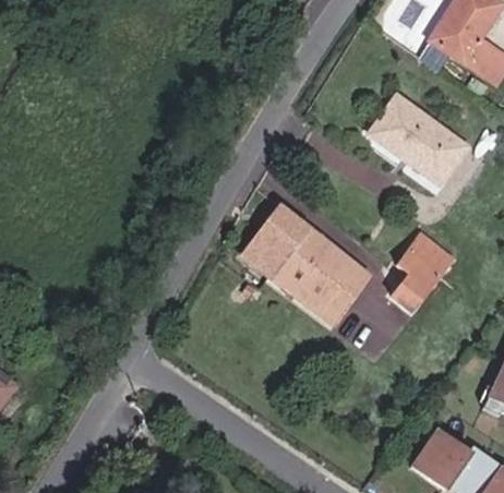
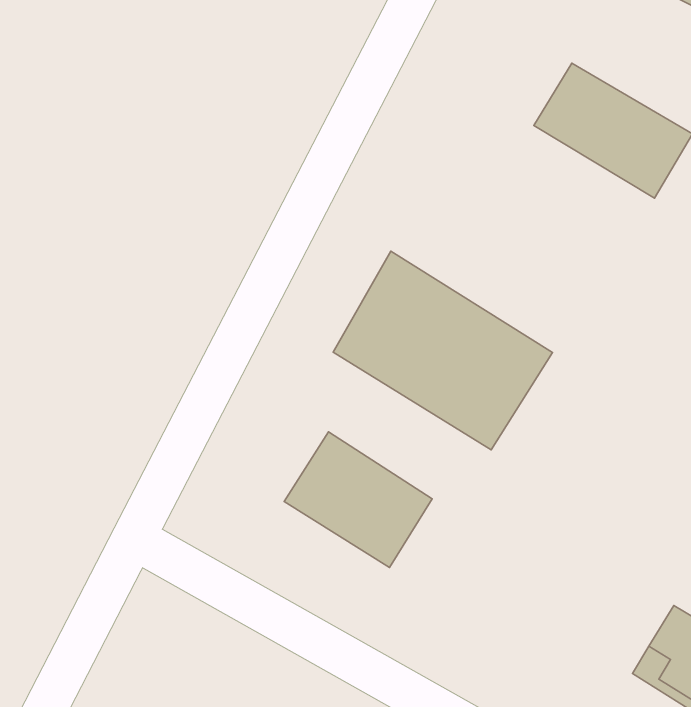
building: [399,245,449,308] -> none
building: none -> [284,432,432,567]

